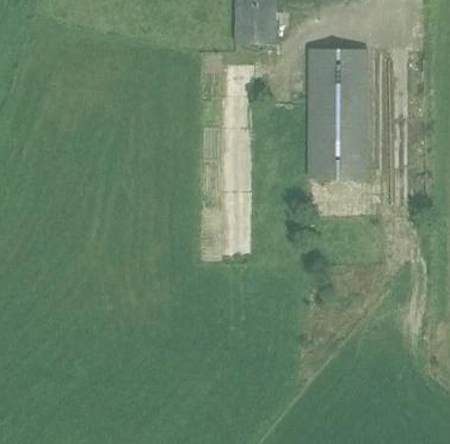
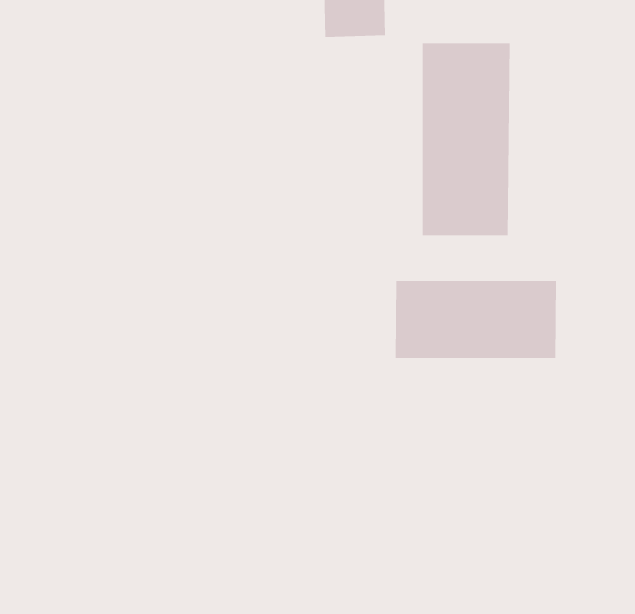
building: none -> [395,280,556,359]

